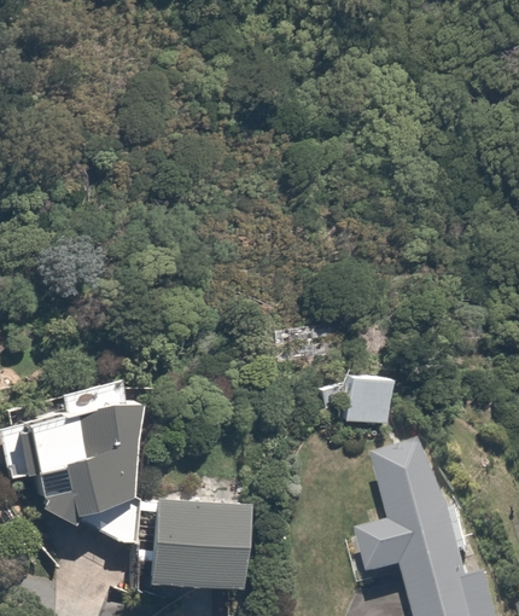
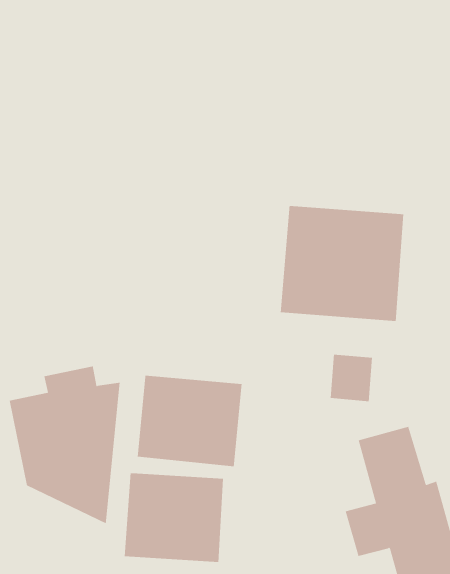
building: none -> [280,205,404,322]
building: none -> [137,375,242,467]

